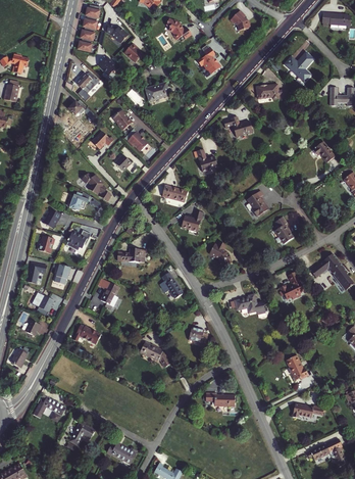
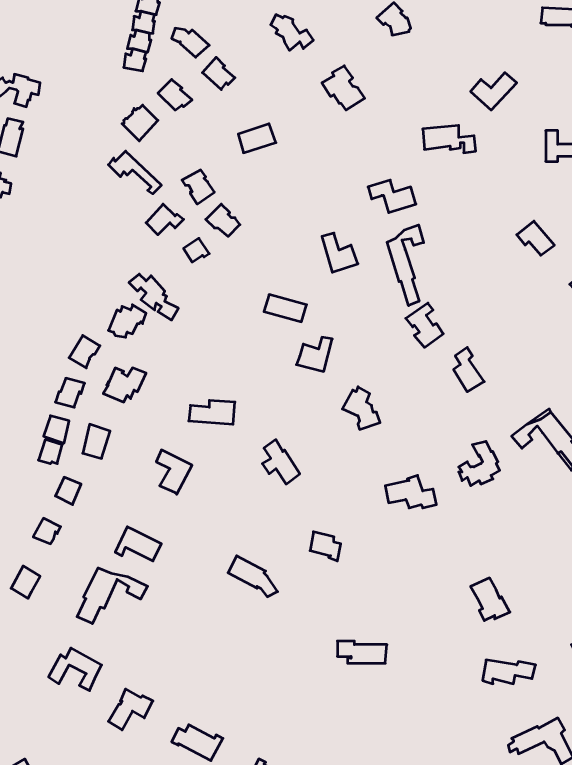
building: none -> [387,225,424,306]
building: none -> [77,568,148,624]

